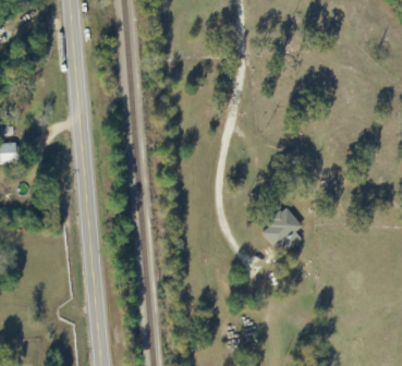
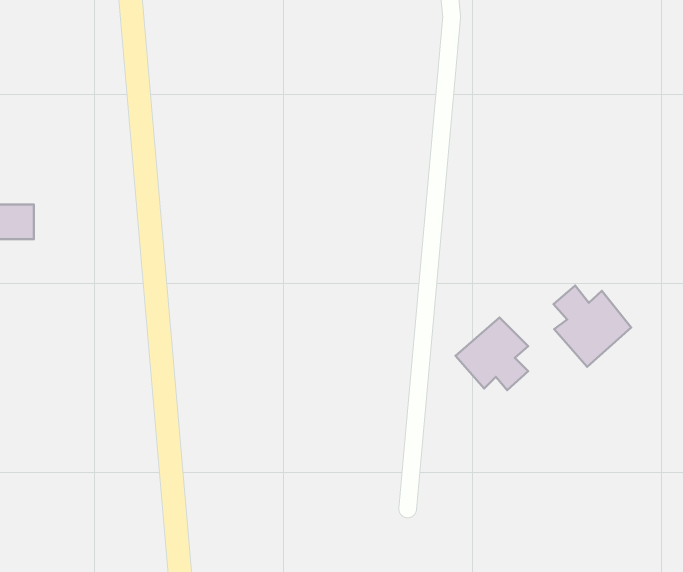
building: none -> [553,286,631,367]

